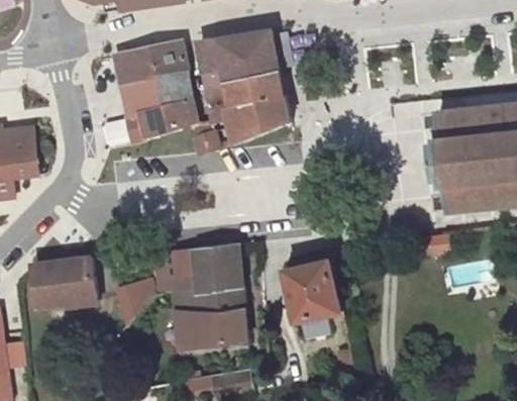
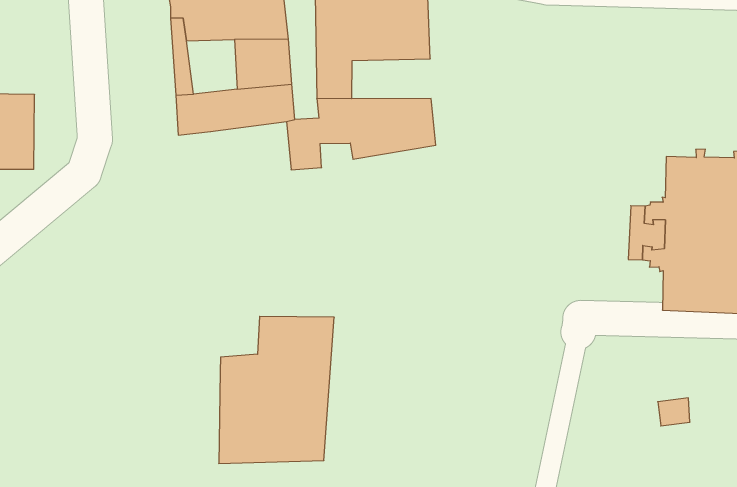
building: [229,71,283,103] -> none
building: [122,76,159,114] -> none
building: [118,249,195,324] -> none
building: [32,259,95,307] -> none
building: [287,261,343,320] -> none

